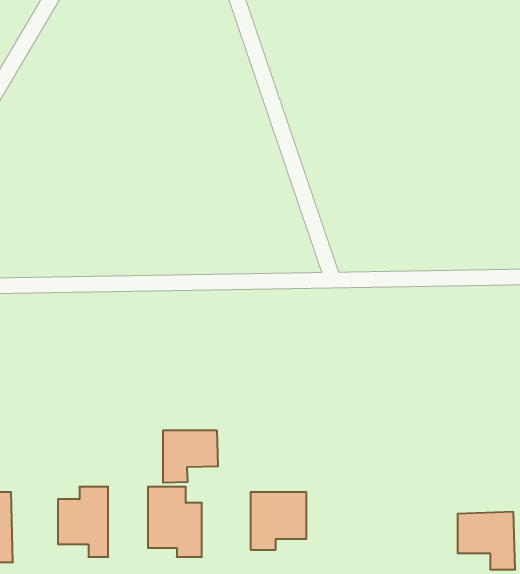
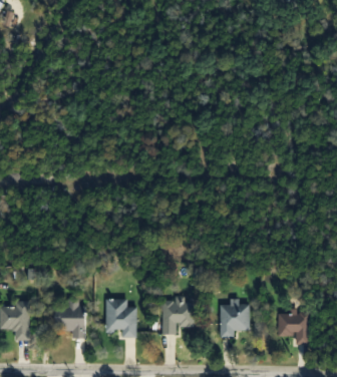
building: [163,430,218,483] -> none
building: none -> [220,303,249,337]

